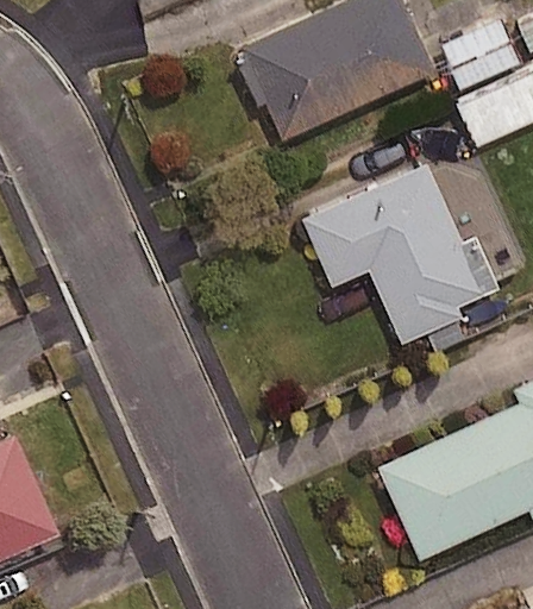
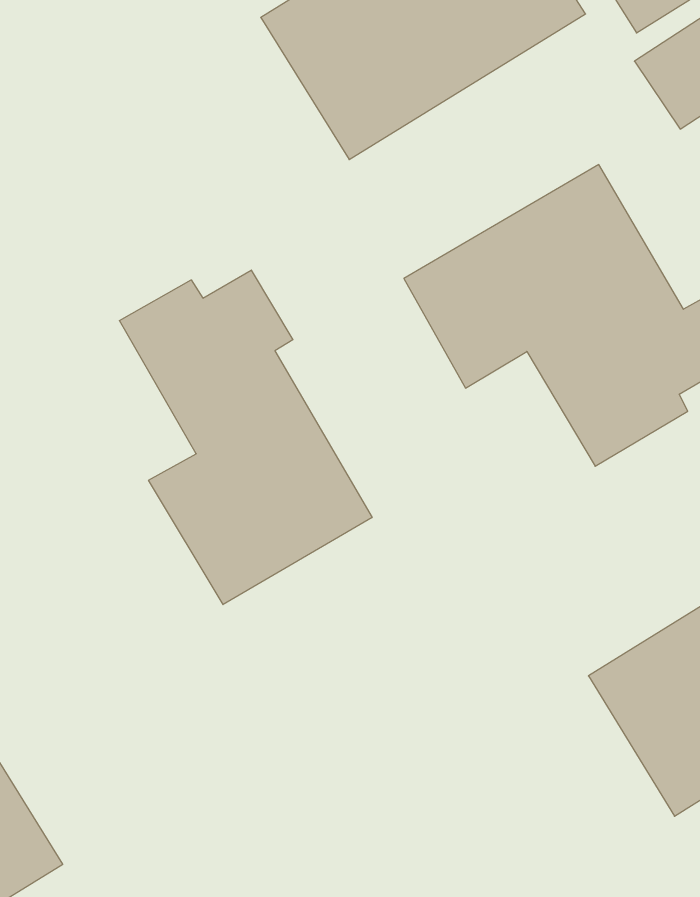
building: none -> [119,270,372,605]

